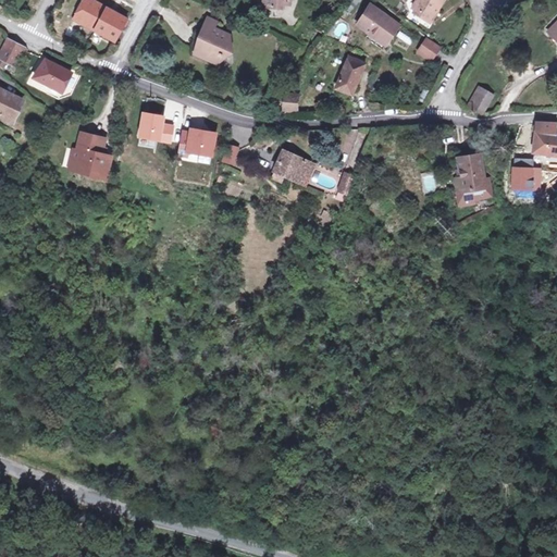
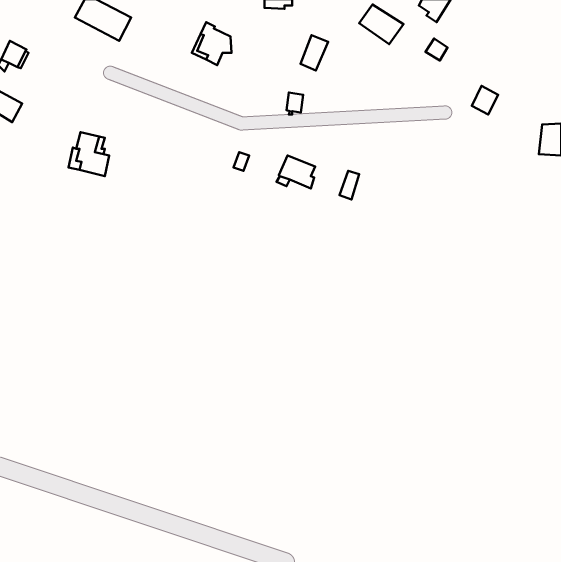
building: [336,55,363,90] -> [301,35,328,70]
building: [35,59,72,89] -> none
building: [140,113,173,141] -> none
building: [180,128,216,154] -> none
building: [454,153,490,203] -> none
building: [509,158,539,189] -> none

